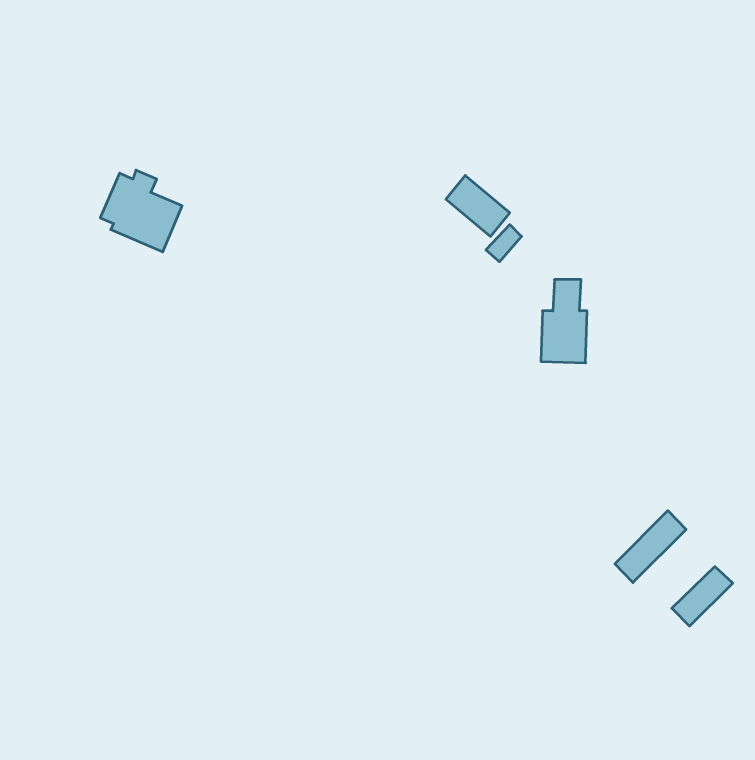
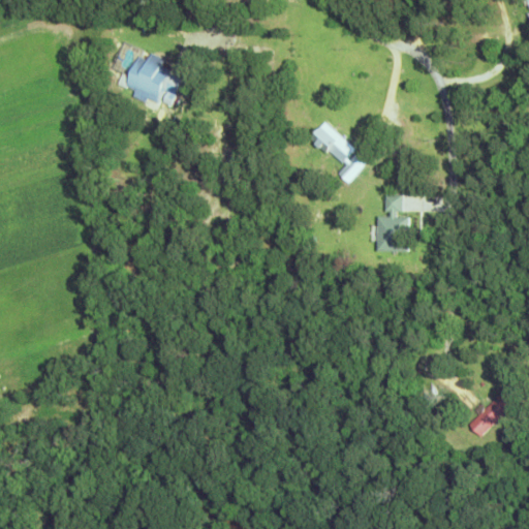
building: [100,170,182,252] -> [125,53,182,110]
building: [615,511,686,583] -> none

